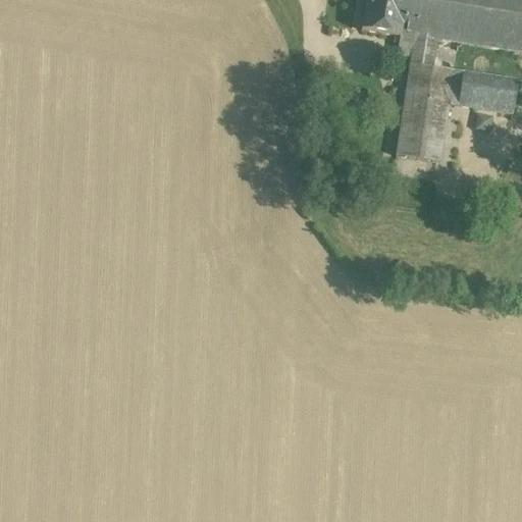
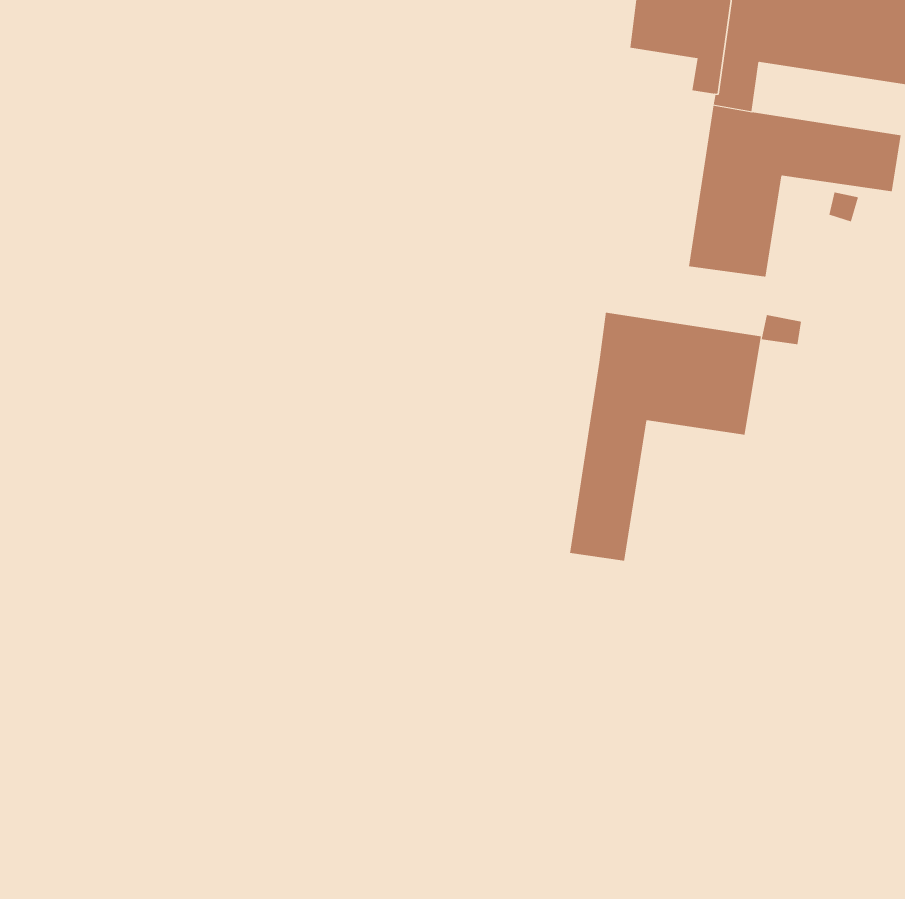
building: none -> [569,312,762,562]

